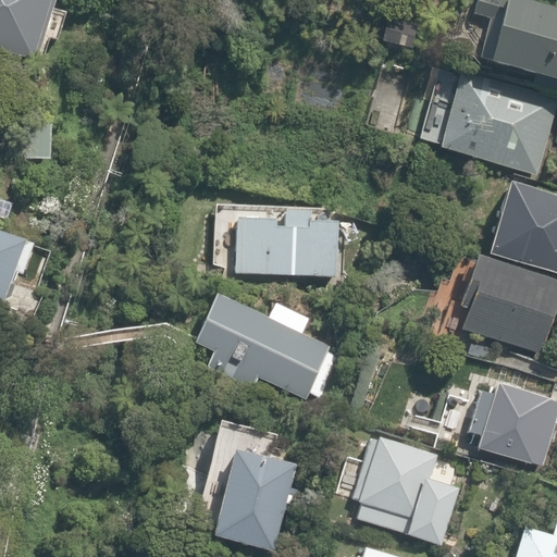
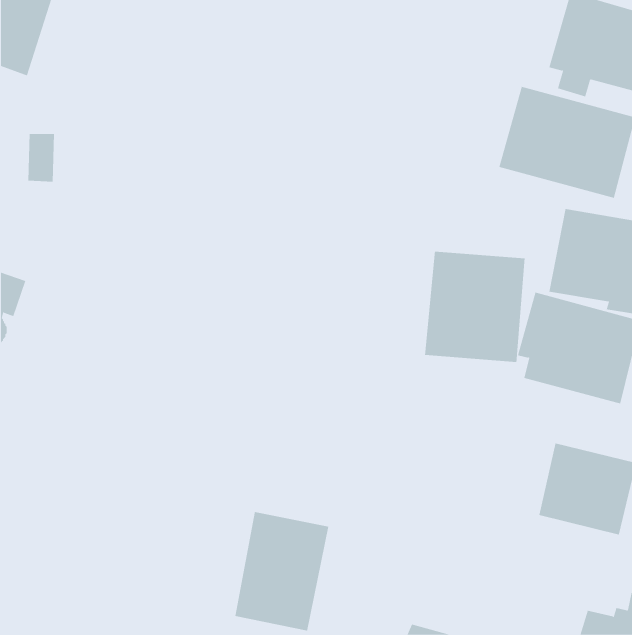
building: [237,205,339,277] -> none
building: none -> [425,251,525,363]
building: [199,288,339,401] -> none
building: [351,437,454,541] -> none

